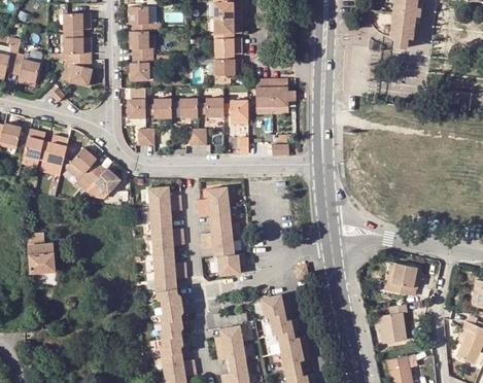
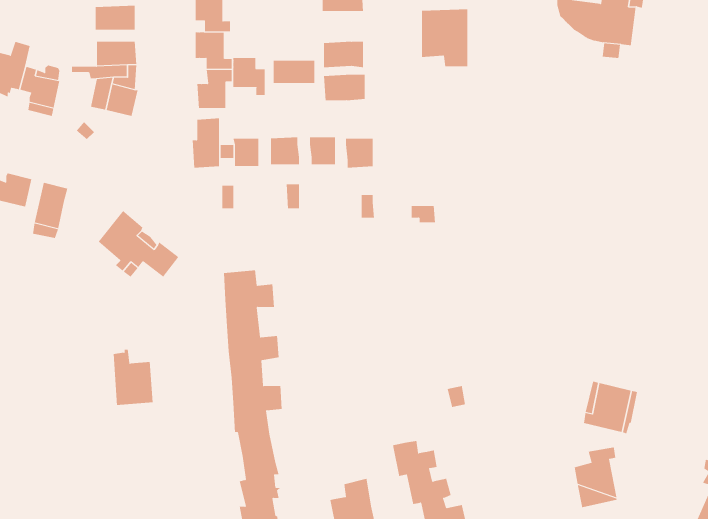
building: [212,16,240,32] -> [273,60,315,84]
building: none -> [233,57,265,96]
building: [255,77,286,115] -> [421,9,468,67]
building: [40,135,69,173] -> none
building: [196,186,245,277] -> none
building: [27,235,54,272] -> [113,349,154,405]

